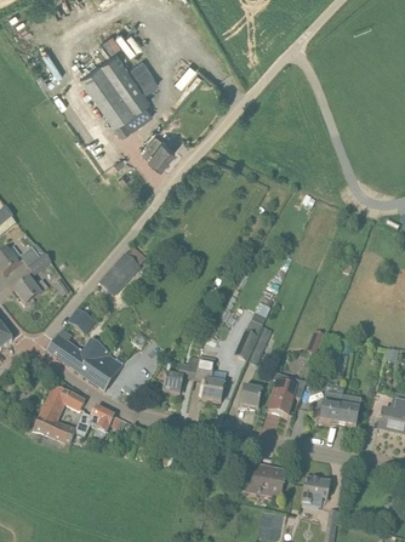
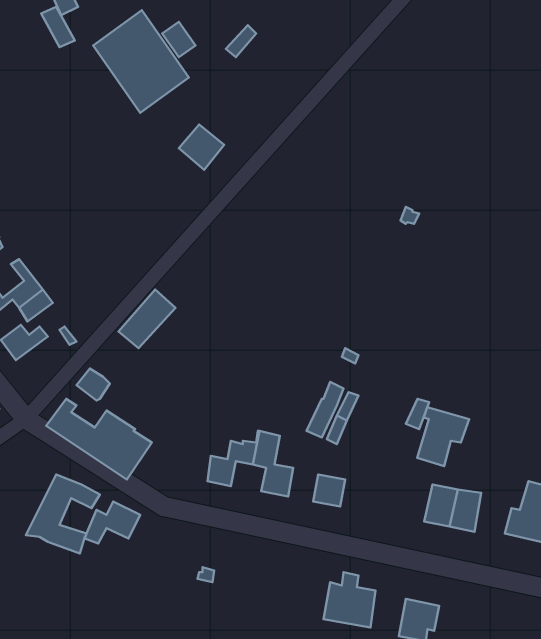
building: [268,372,306,415] -> [417,407,469,466]

